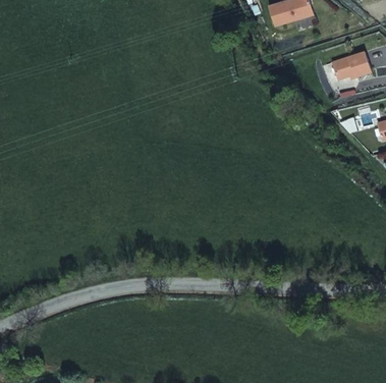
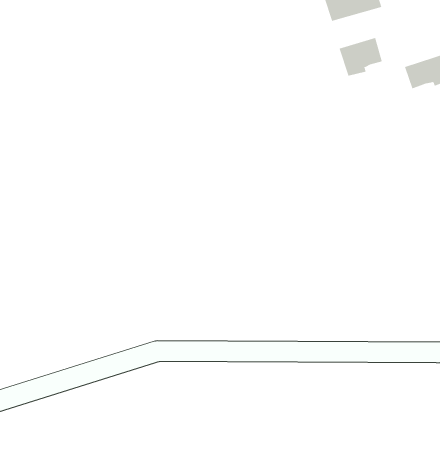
building: none -> [339,37,383,77]

